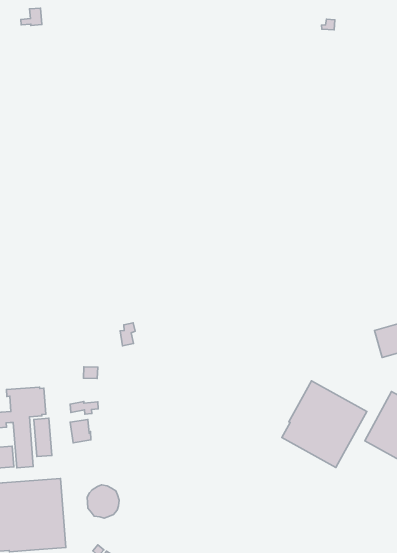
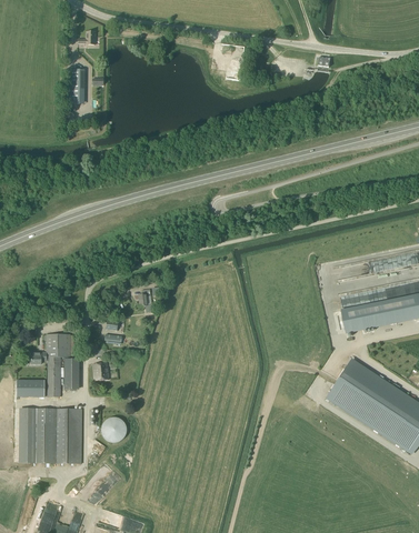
building: none -> [69,69,86,104]
building: [282,381,367,467] -> none

